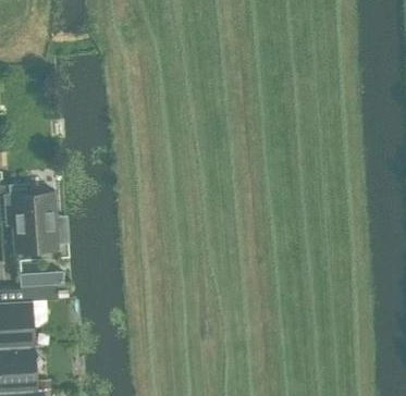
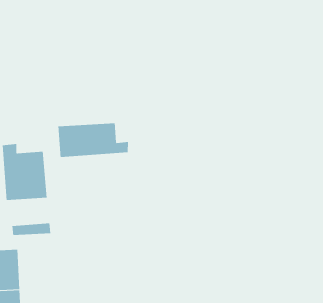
building: none -> [58,122,128,158]

